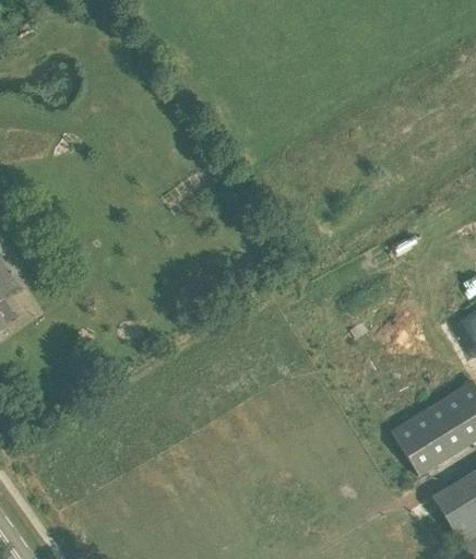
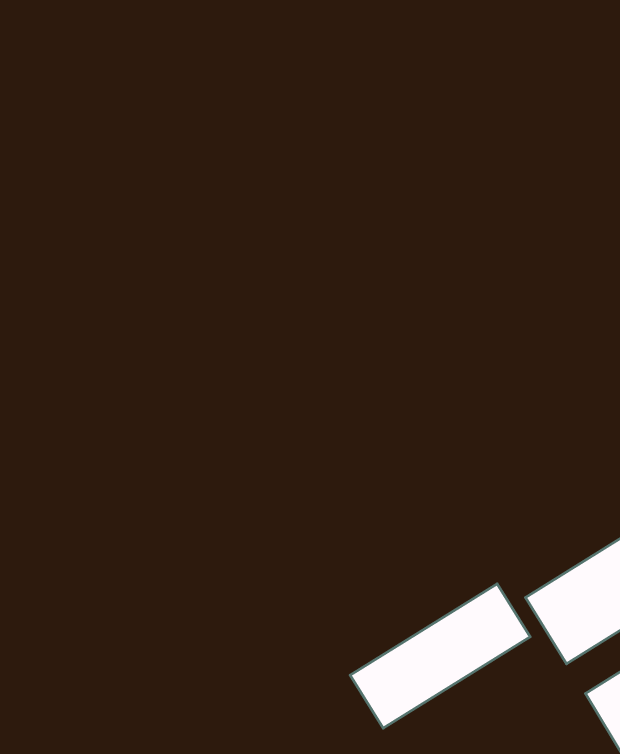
building: none -> [350,584,530,728]

